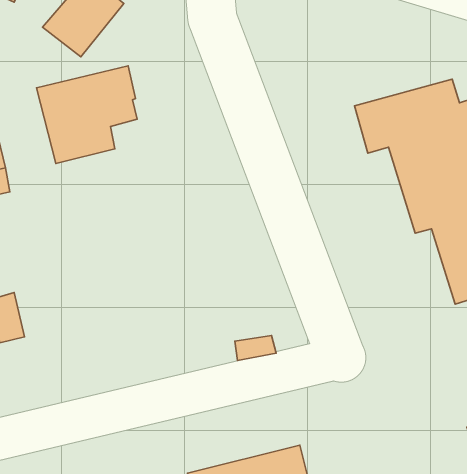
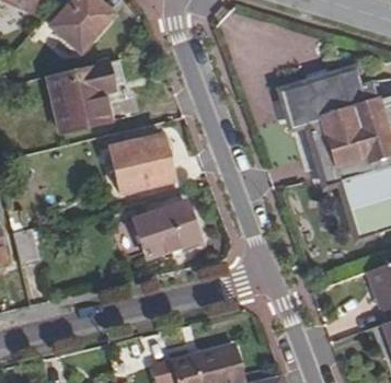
building: none -> [111,137,174,195]
building: none -> [115,200,200,257]

